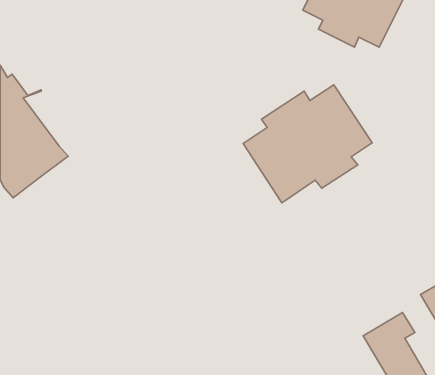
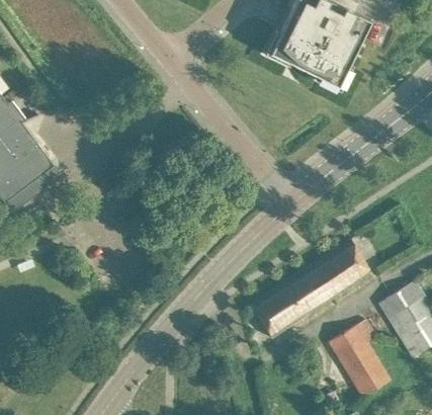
building: [243,85,372,203] -> none
building: none -> [251,240,370,340]

